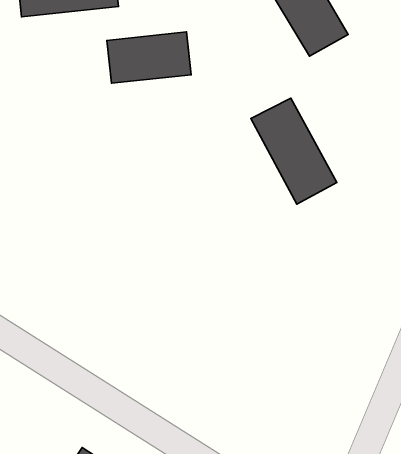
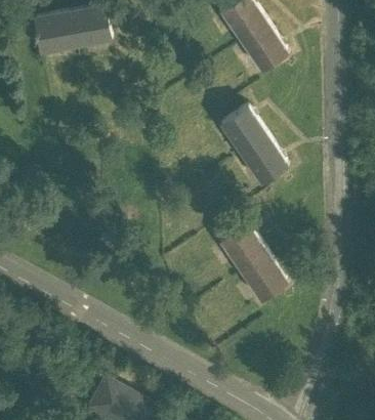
building: [107,32,191,83] -> none
building: none -> [219,222,288,301]

